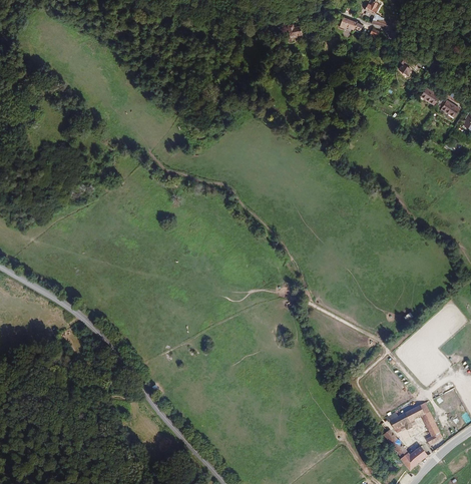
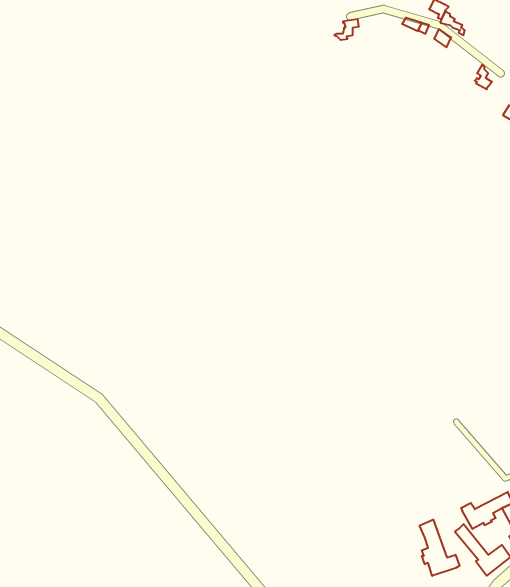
building: none -> [420,520,460,576]

